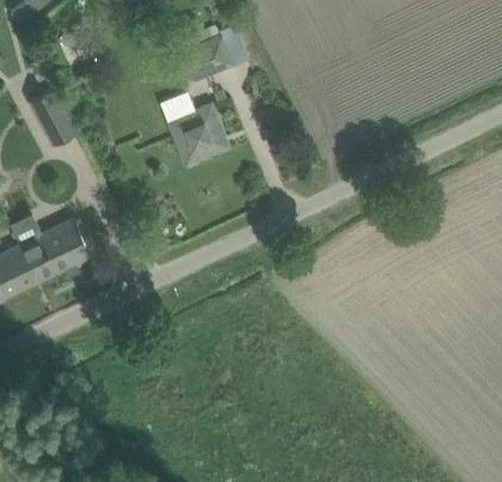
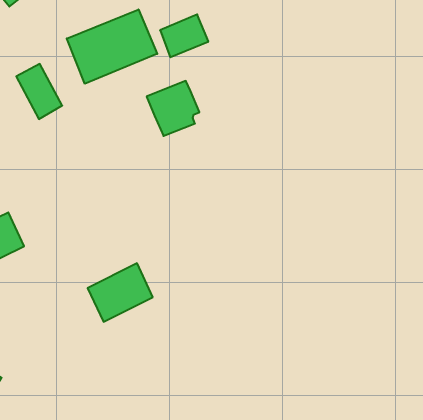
building: none -> [67,9,157,84]
building: [20,219,90,281] -> [88,263,153,322]

